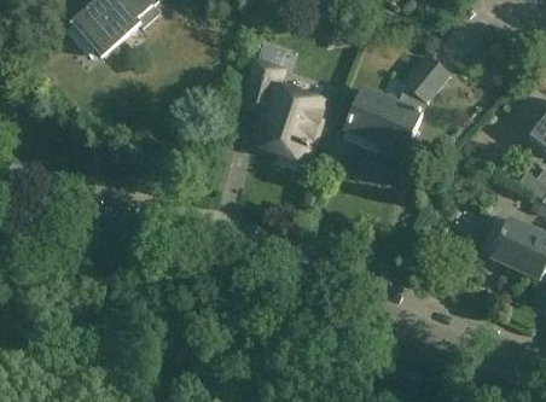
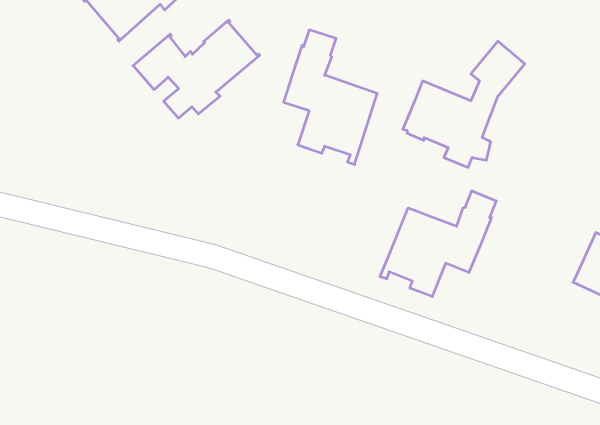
building: none -> [133,20,260,118]
building: none -> [380,191,496,297]

